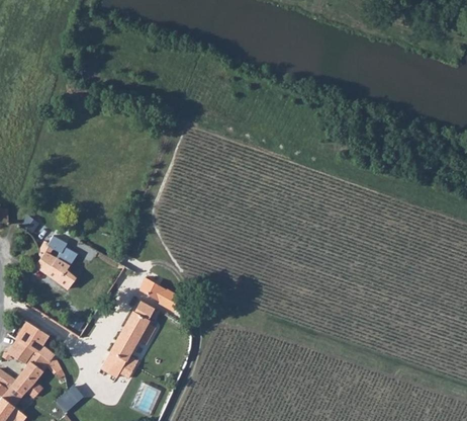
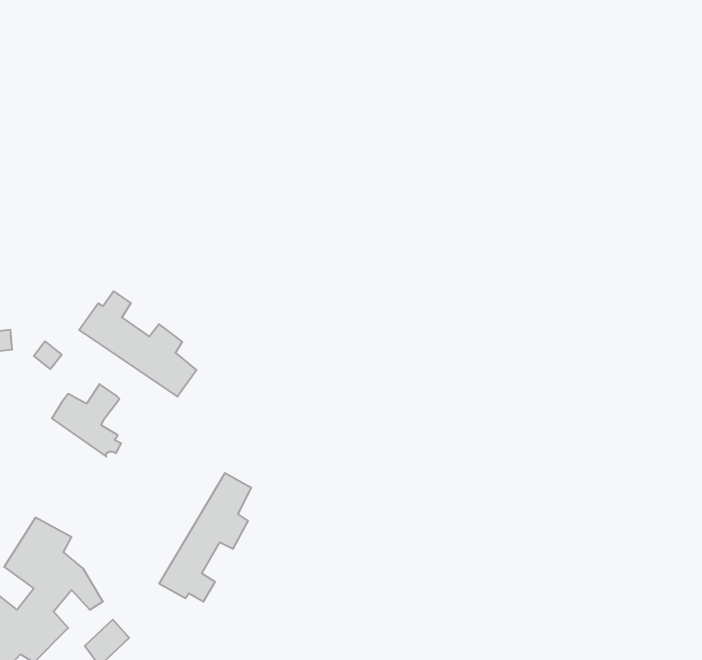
building: none -> [79,291,197,397]
building: [141,277,181,309] -> none

